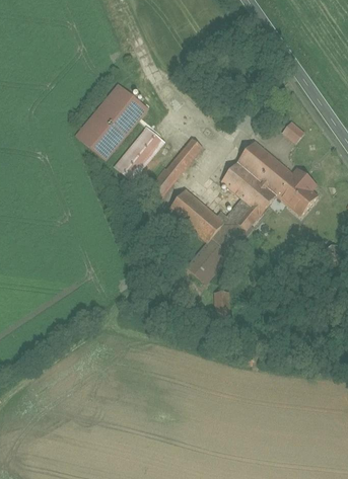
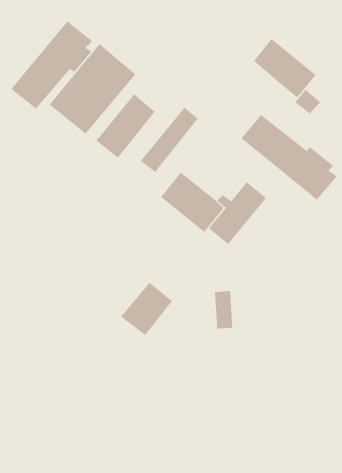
building: none -> [11,21,93,110]
building: [221,163,275,214] -> [253,38,317,98]
building: [185,239,229,285] -> [120,282,173,336]

